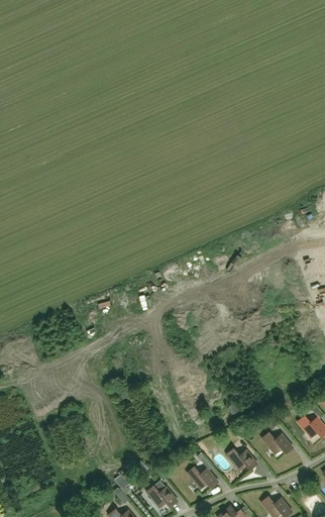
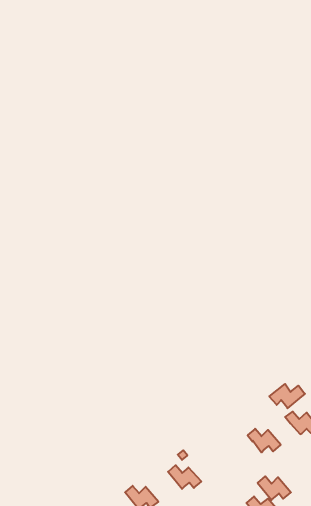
building: none -> [269,384,305,408]
building: [226,448,257,471] -> [258,476,291,500]

